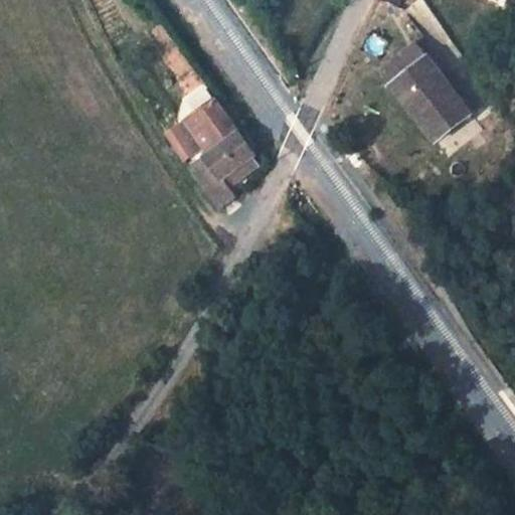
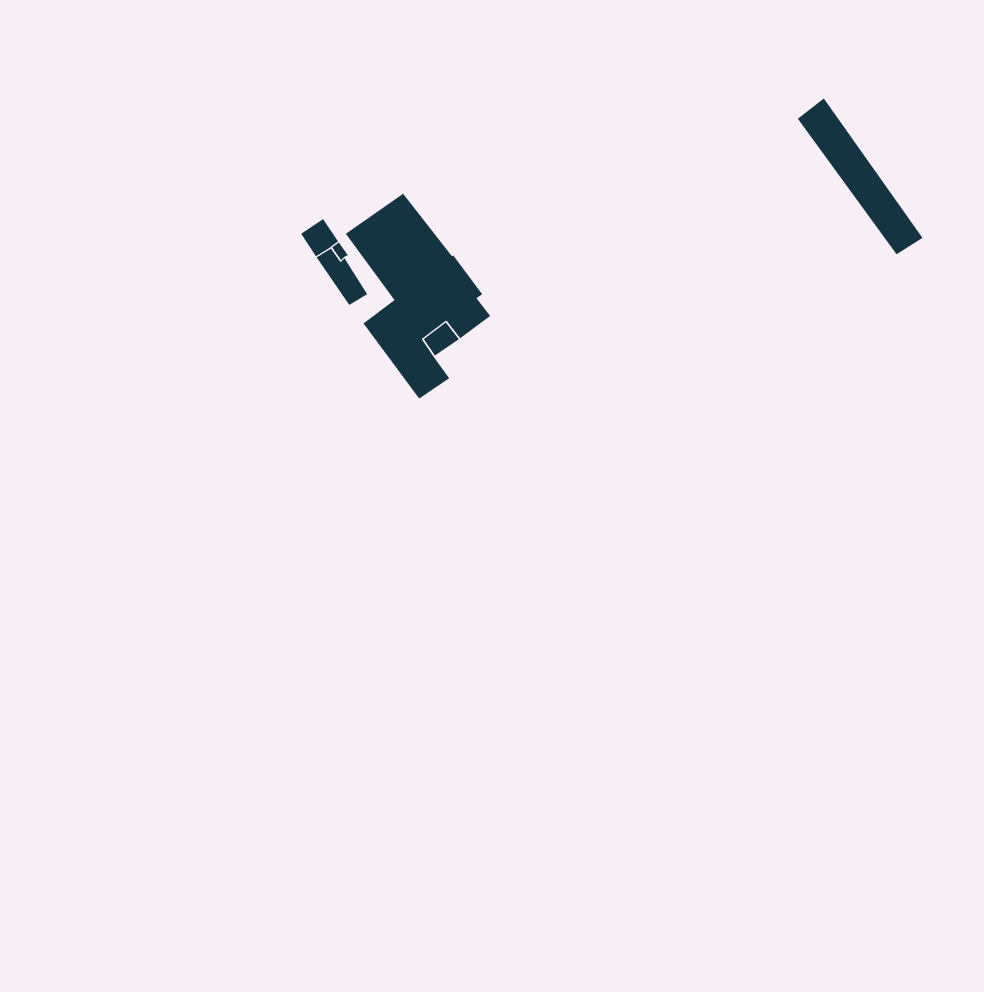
building: [390,61,463,147] -> none

